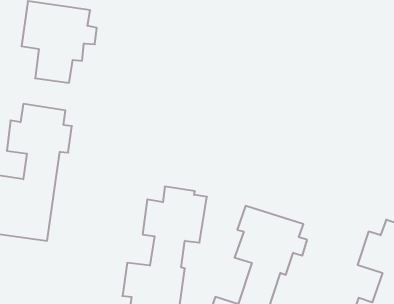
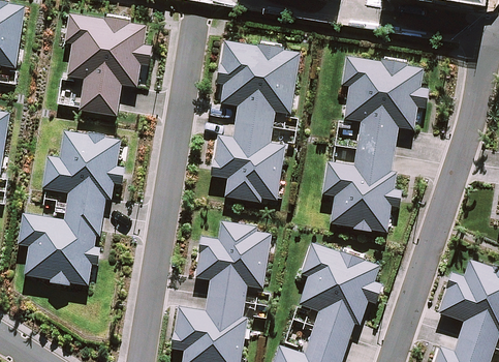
building: none -> [213,42,298,203]
building: none -> [325,58,428,232]

